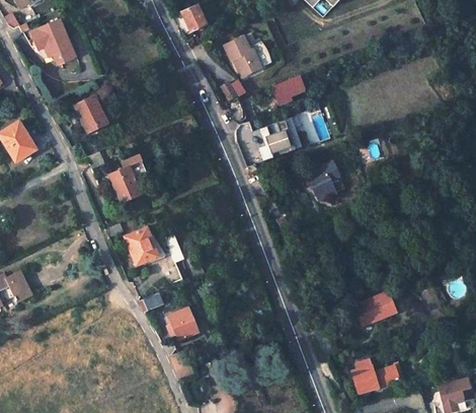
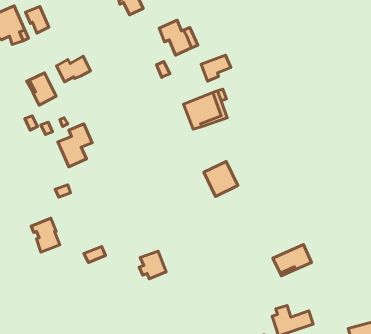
building: none -> [26,6,49,33]
building: none -> [56,56,90,82]
building: [306,160,344,200] -> [204,162,238,196]
building: [125,226,157,265] -> [31,218,60,252]
building: [167,307,197,339] -> [139,251,166,279]

